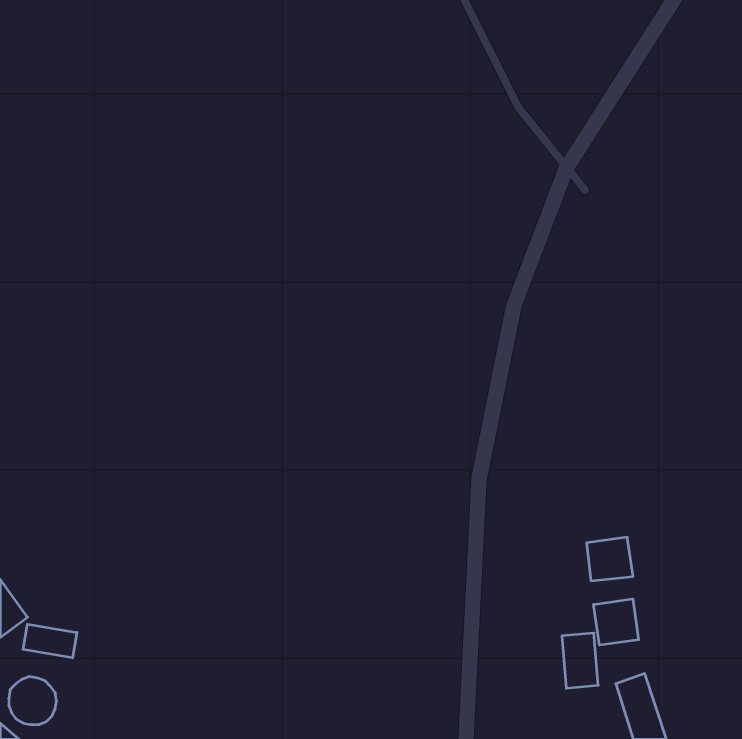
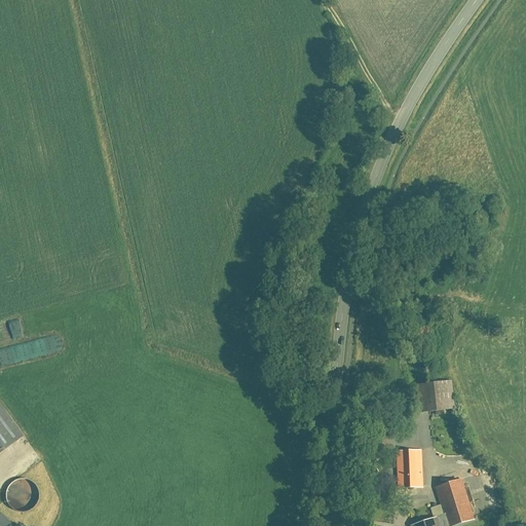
building: [594,599,639,645] -> none
building: [23,624,77,658] -> none

